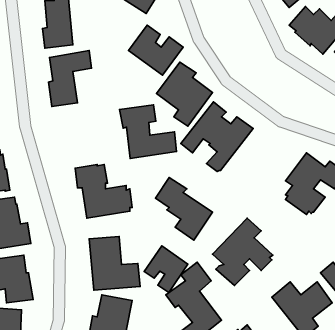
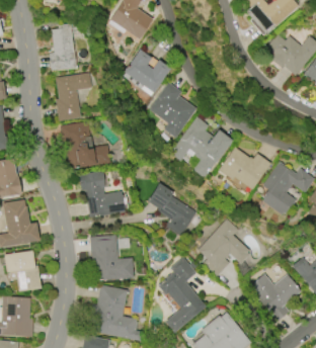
building: [120,105,177,158] -> [61,121,110,168]
building: none -> [218,147,270,189]
building: [144,246,188,292] -> none

